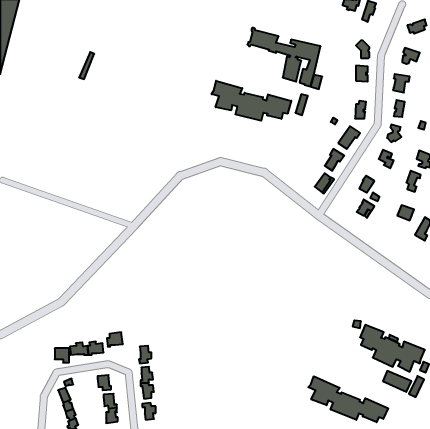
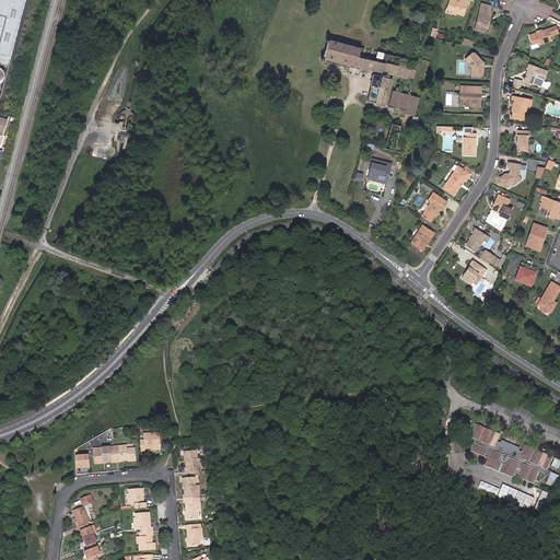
building: [212,81,291,121] -> none
building: none -> [366,156,392,183]
building: [308,376,388,422] -> none

